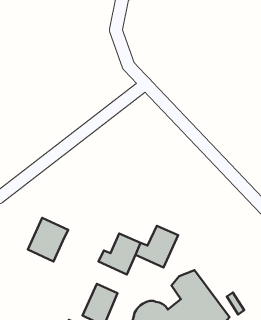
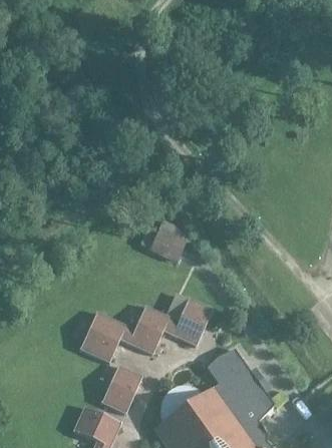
building: none -> [149,231,184,261]
building: [28,218,68,261] -> [78,312,125,363]

